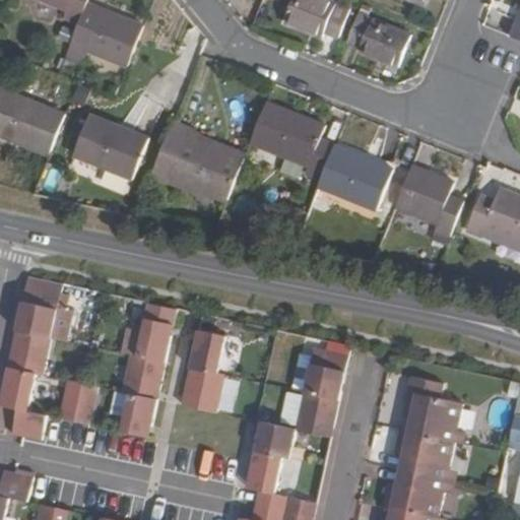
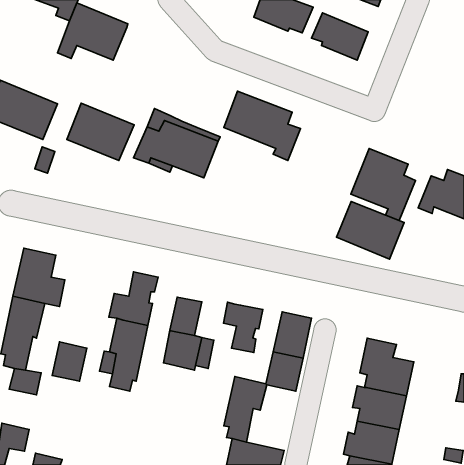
building: [317,146,392,210] -> [336,202,404,259]
building: none -> [224,302,263,352]

